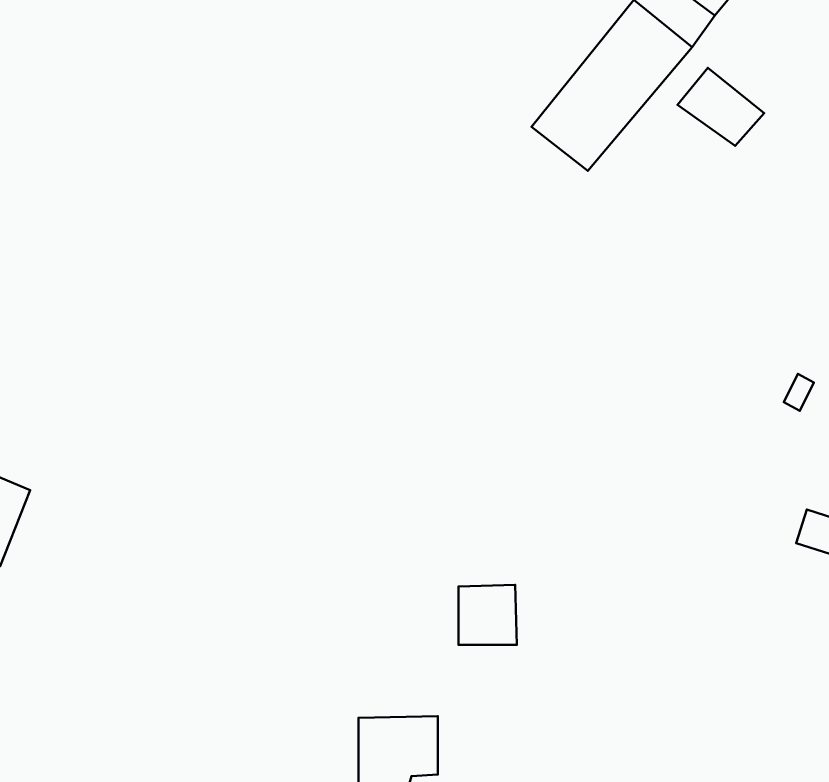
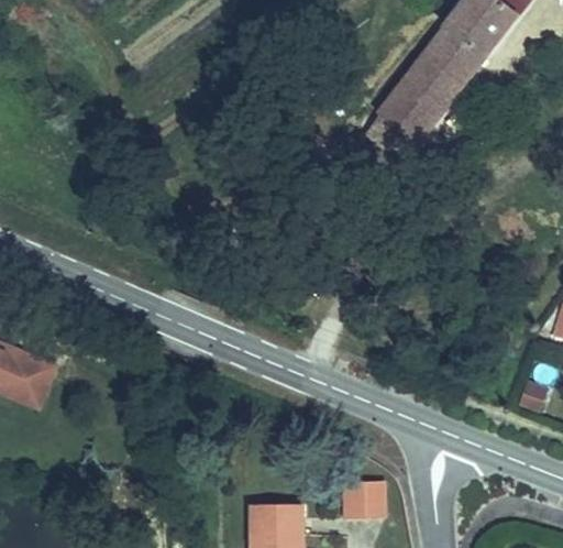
building: [678,68,764,146] -> none
building: [459,585,517,645] -> [346,478,383,515]

